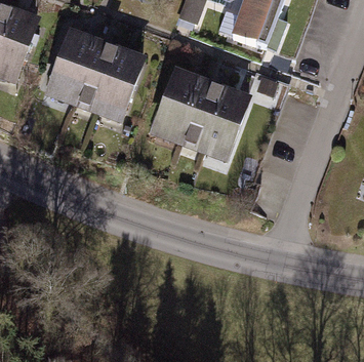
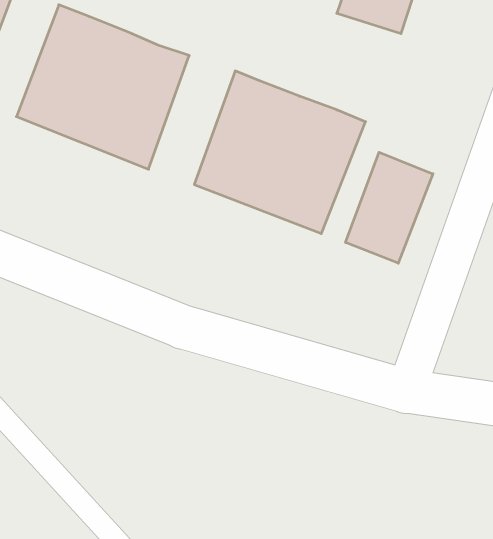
building: none -> [346,152,433,263]

